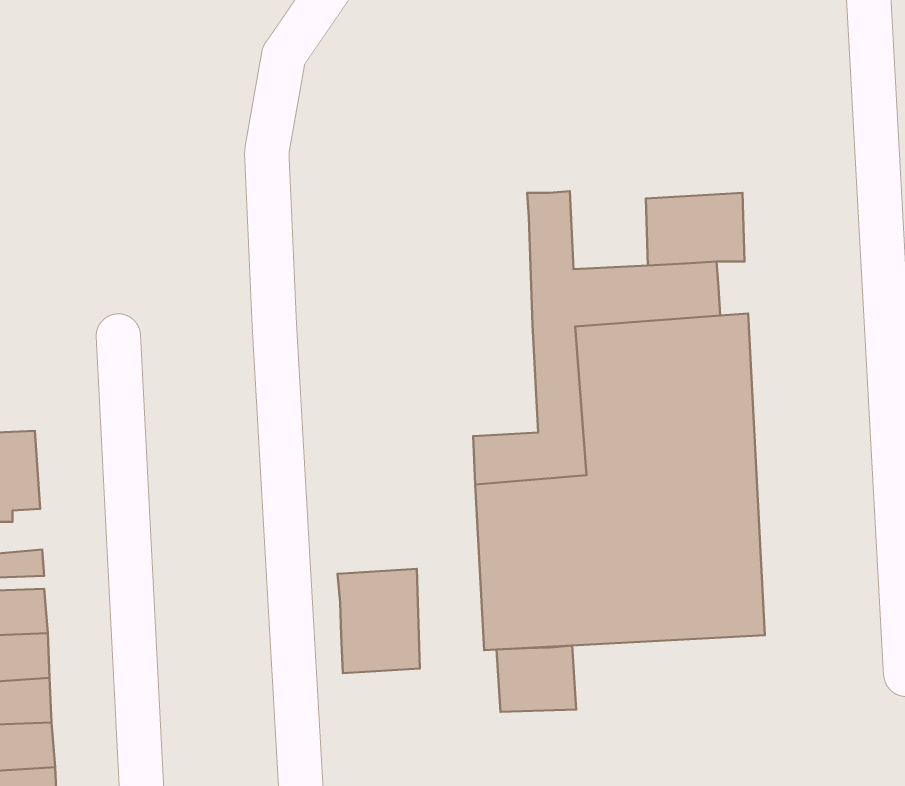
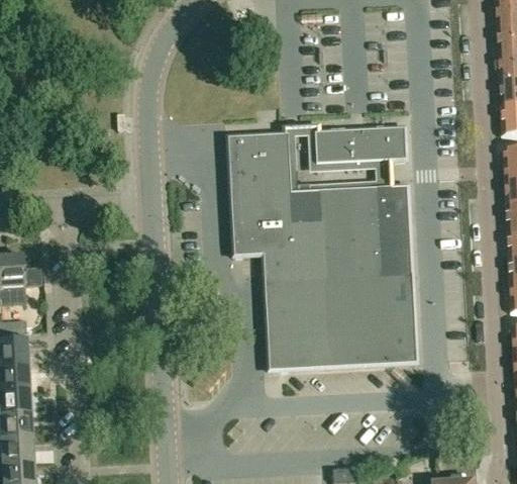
building: none -> [314,122,356,165]
building: none -> [226,123,297,257]
building: [337,569,420,673] -> none
building: [497,645,576,712] -> none

